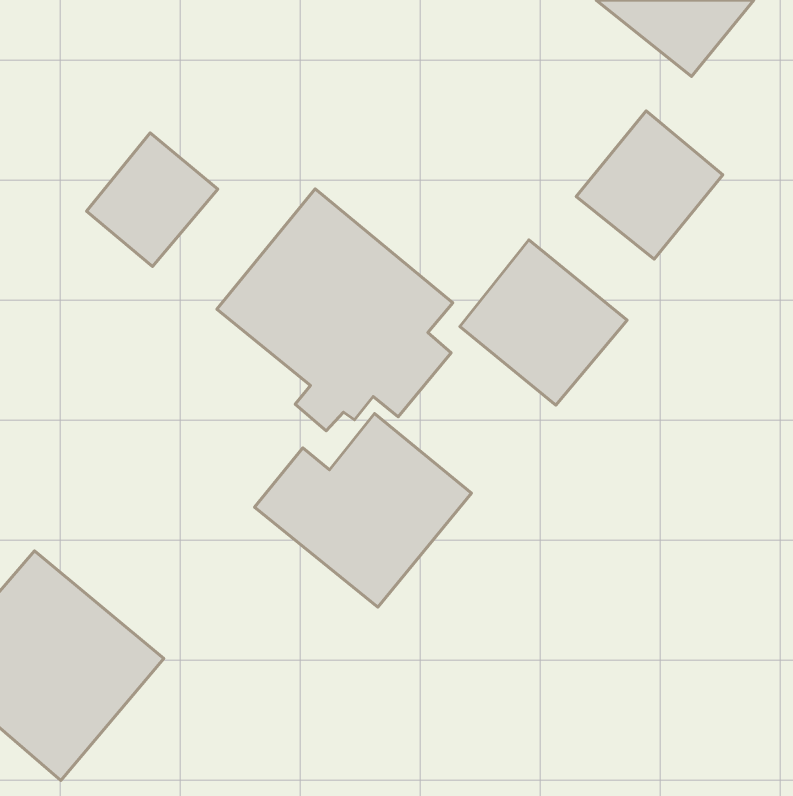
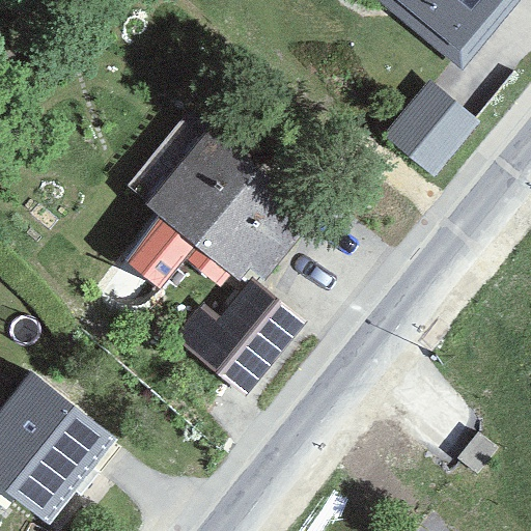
building: [86,133,218,266] -> none
building: [460,240,627,405] -> none

